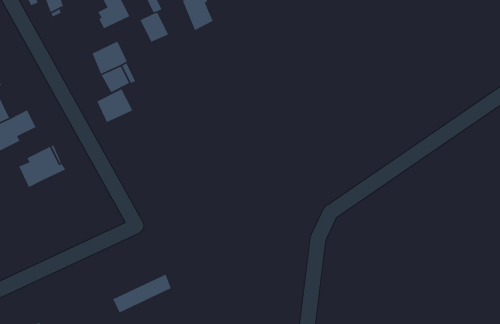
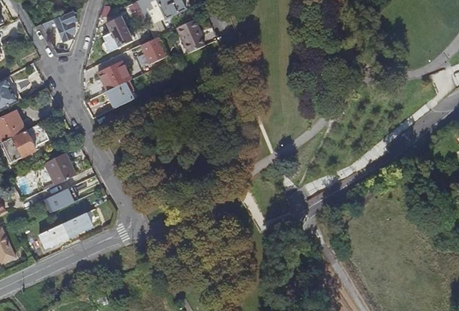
building: [96,88,133,123] -> none
building: none -> [48,186,76,209]
building: [112,274,172,314] -> [39,212,91,247]

